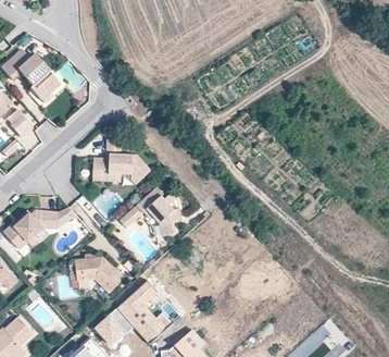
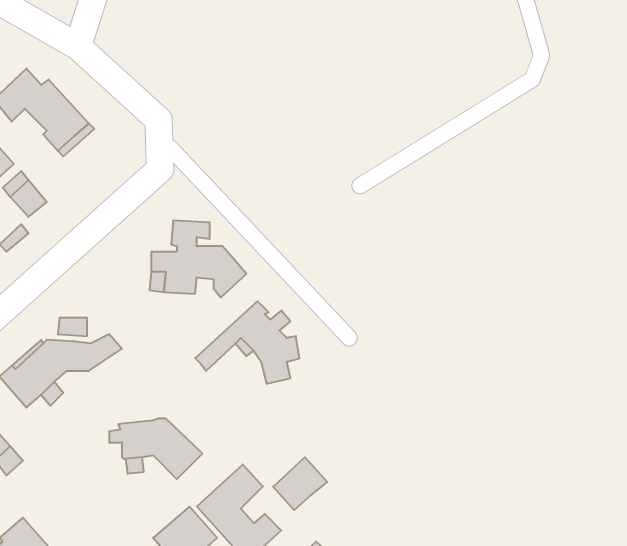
building: none -> [273,457,327,510]

